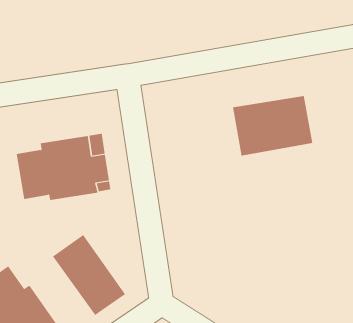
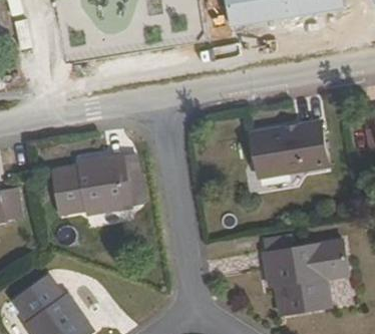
building: none -> [264,238,351,317]
building: [52,234,126,316] -> none

